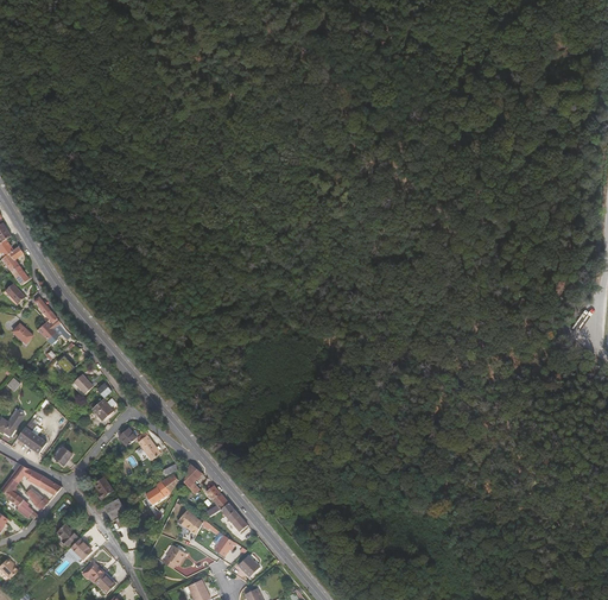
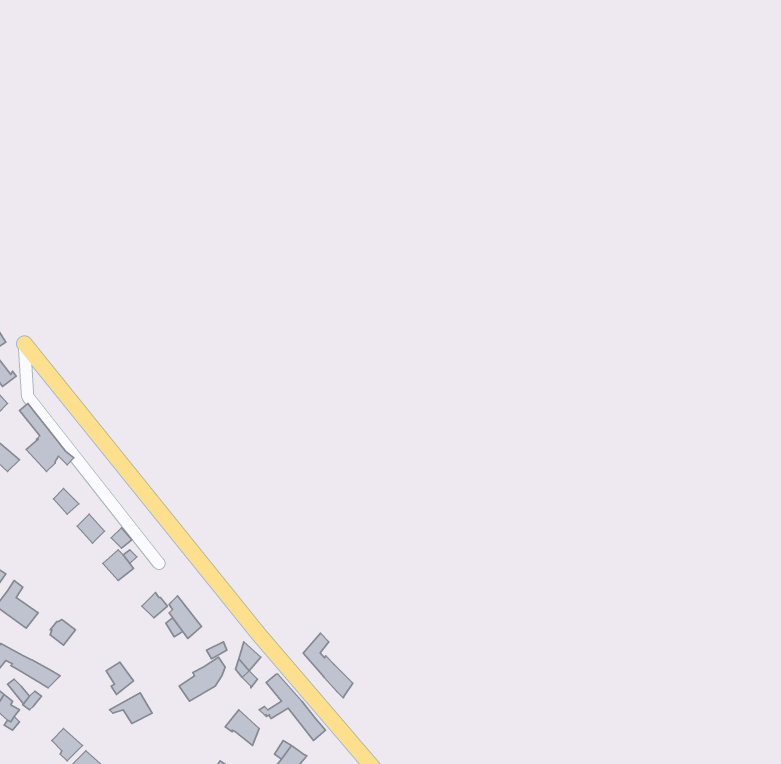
building: none -> [303,633,353,698]

